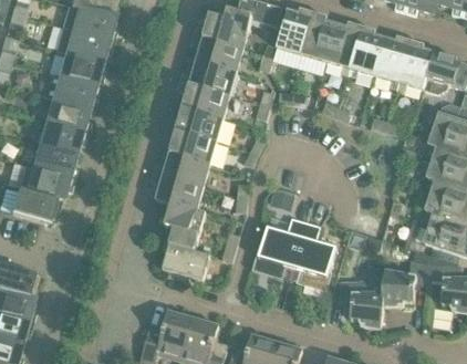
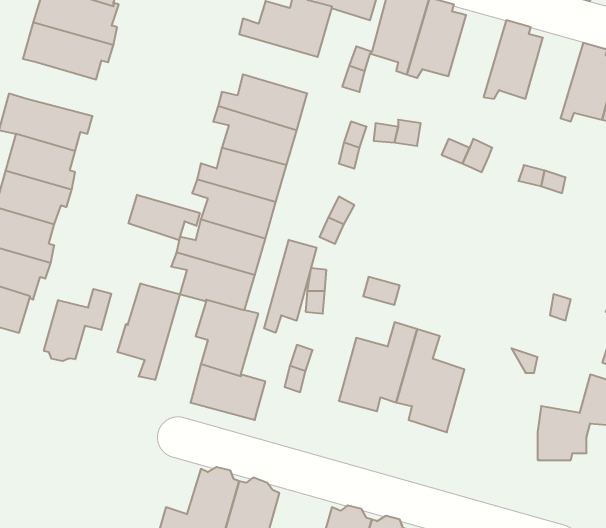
building: [325,22,362,75] -> none
building: [189,35,242,73] -> none
building: [374,37,411,89] -> none
building: [58,53,102,87] -> none
building: none -> [128,195,200,240]
building: none -> [264,240,316,333]
building: none -> [117,283,180,380]
building: none -> [44,289,111,361]
building: [340,282,383,329] -> none

